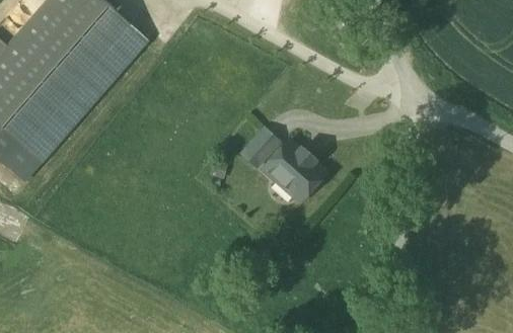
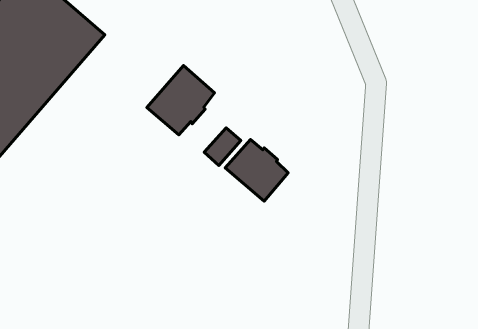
building: none -> [147,65,214,135]

